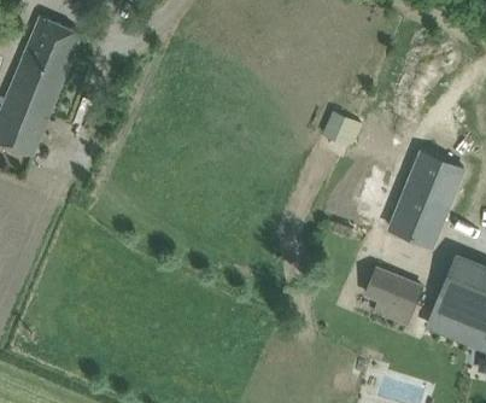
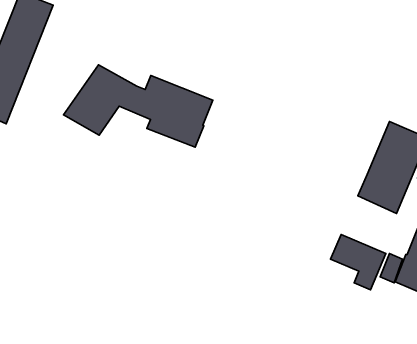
building: none -> [64,65,213,147]
building: [323,111,356,144] -> none

